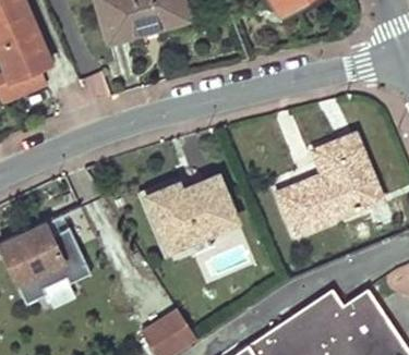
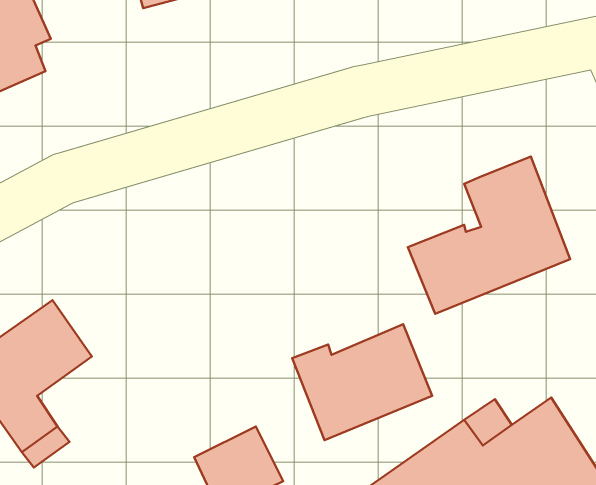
building: [148,175,238,249] -> [292,324,432,440]

